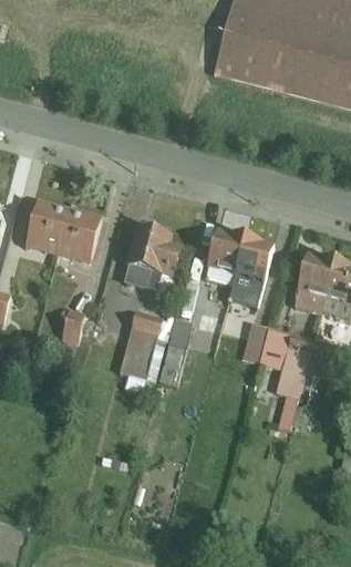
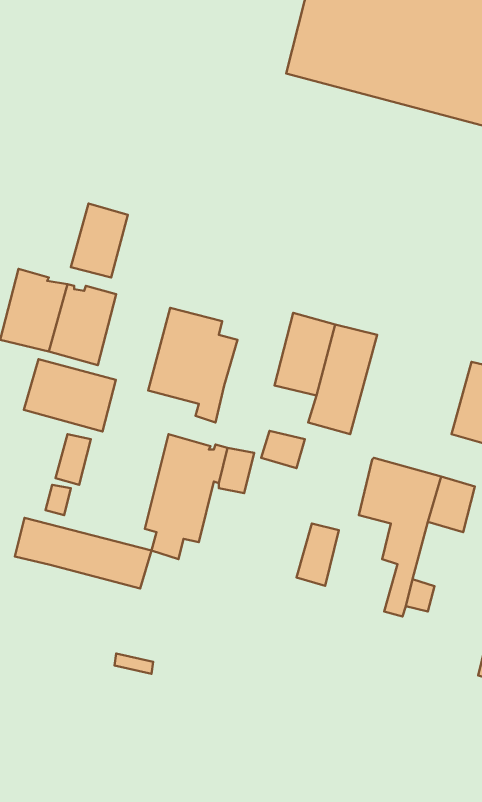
building: none -> [71,203,128,277]
building: [293,254,334,312] -> none
building: none -> [24,359,116,432]
building: [241,321,269,362] -> [297,524,339,586]
building: none -> [15,518,152,589]

